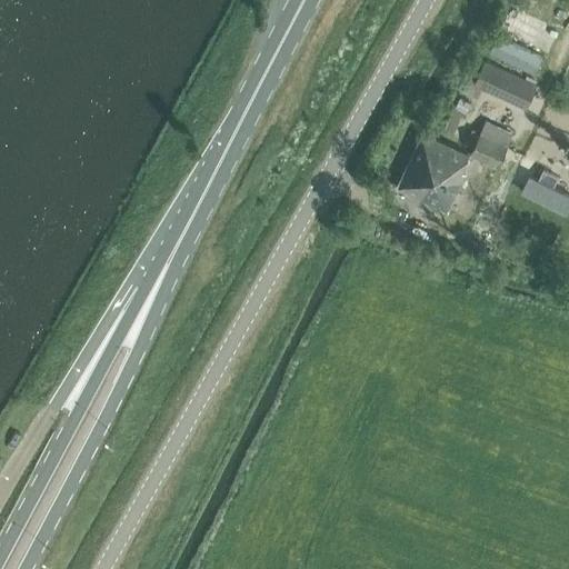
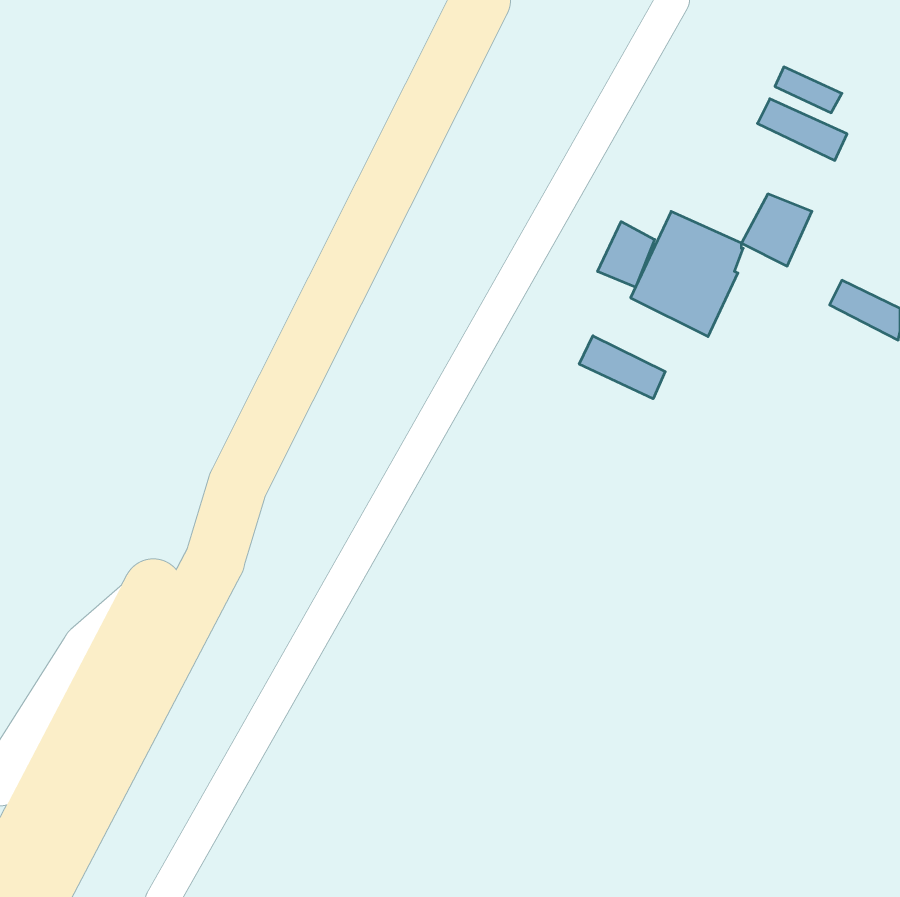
building: none -> [598,222,655,287]
building: none -> [579,336,665,399]

